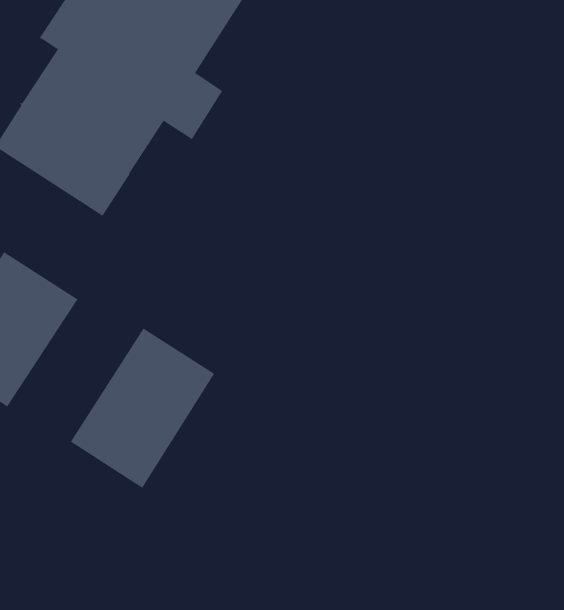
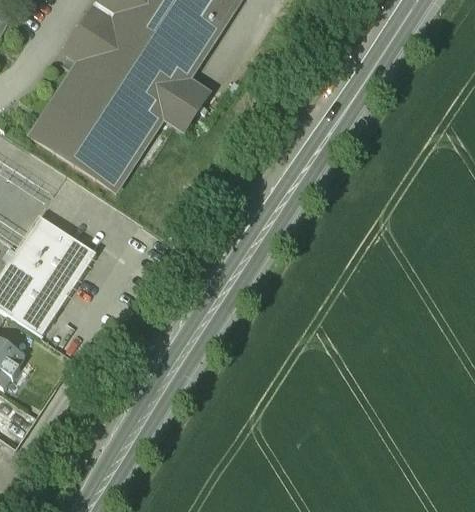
building: [70,328,215,489] -> none

